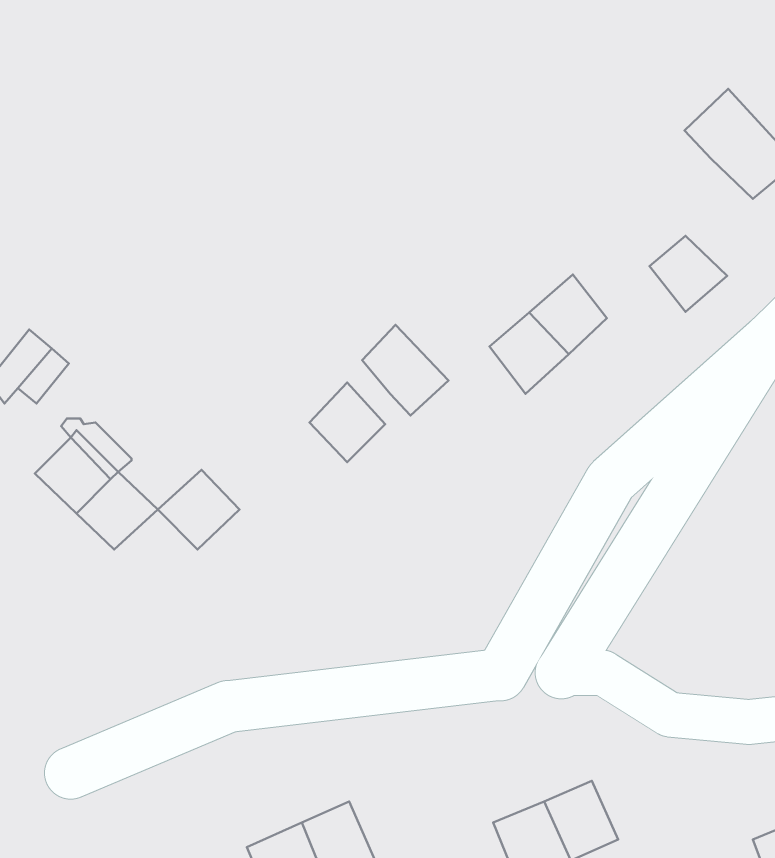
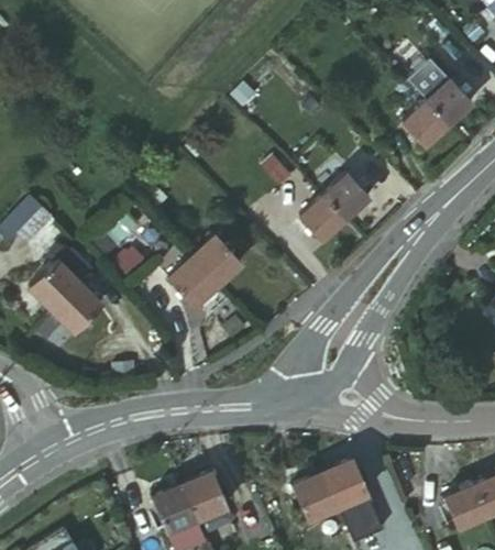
building: [649,236,727,312] -> [403,102,448,146]
building: [362,325,448,416] -> none
building: [158,470,239,549] -> [165,255,212,301]

